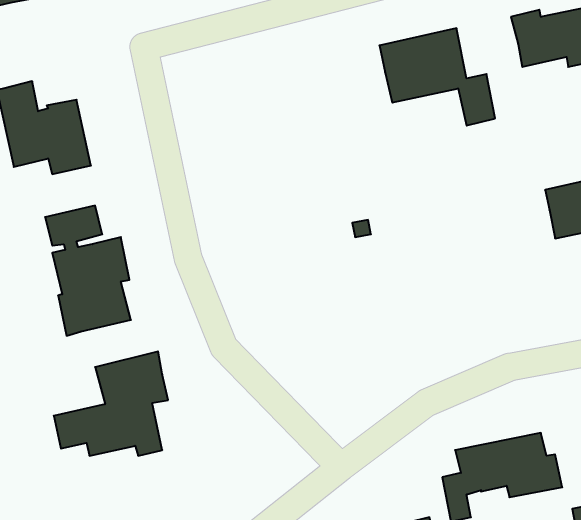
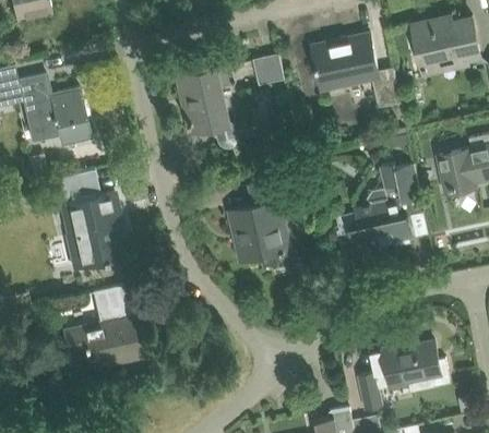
building: none -> [252,55,284,85]
building: none -> [183,65,236,149]
building: none -> [335,164,424,248]
building: none -> [228,179,290,265]

